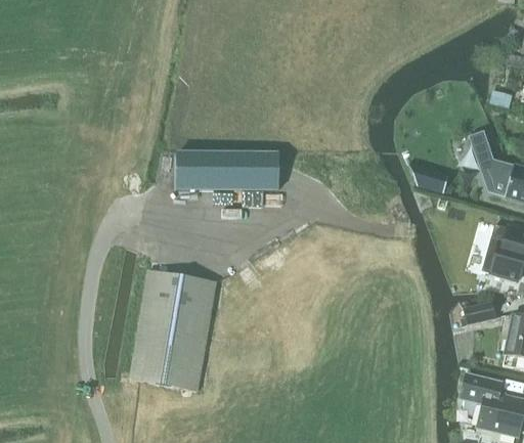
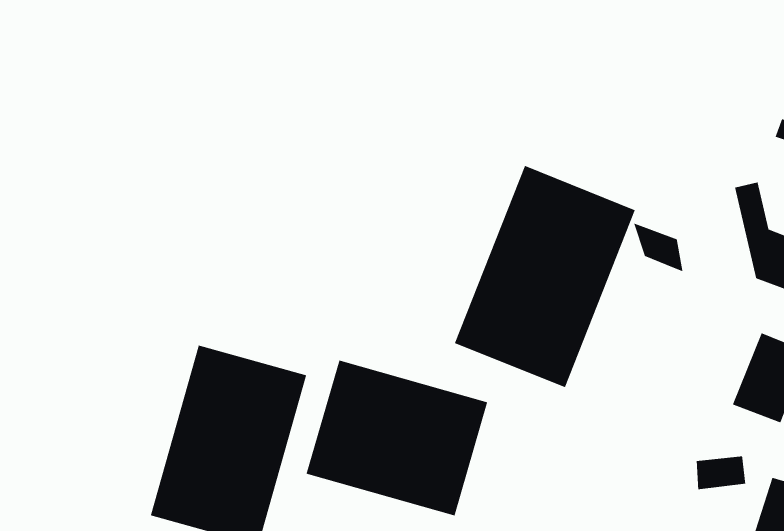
building: none -> [454,165,636,388]
building: [177,152,278,189] -> none
building: none -> [306,360,488,517]

